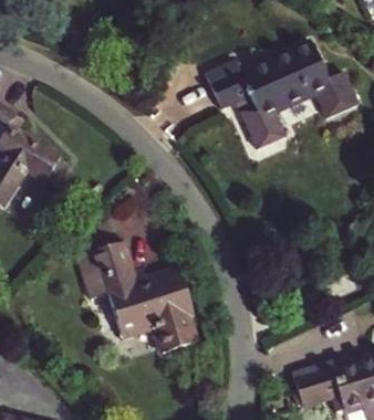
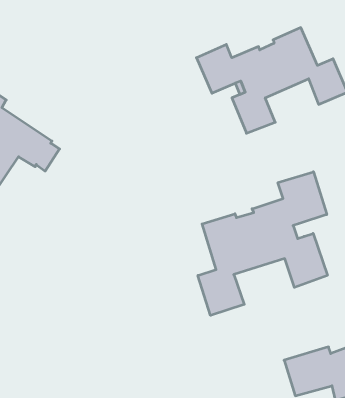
building: none -> [198,172,327,315]
building: [77,241,195,353] -> none

